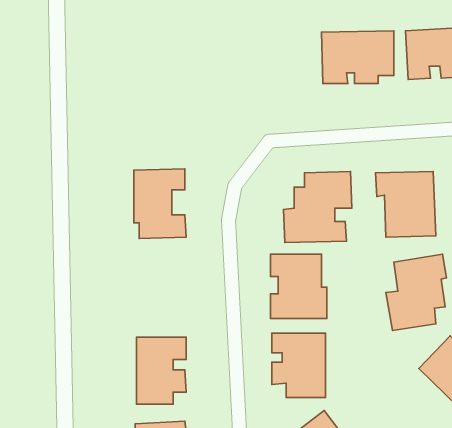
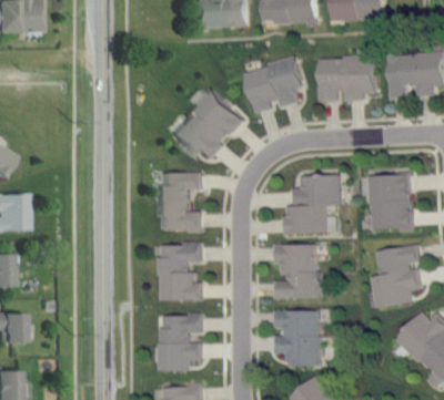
building: none -> [245,55,305,111]
building: none -> [171,85,244,158]
building: none -> [158,243,202,300]

